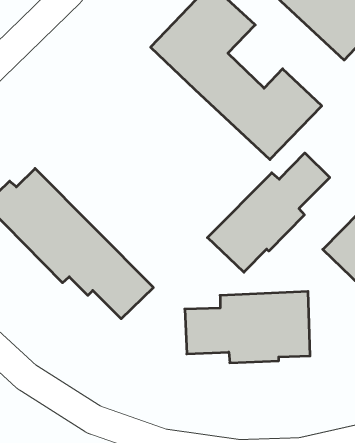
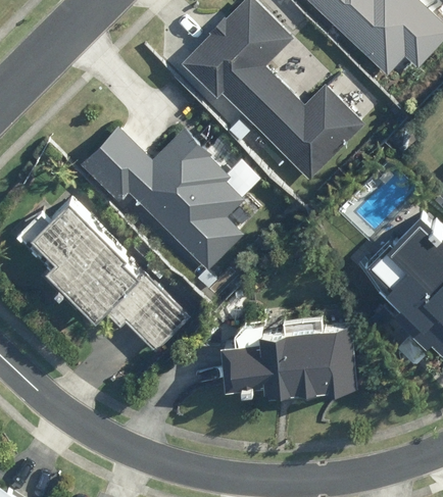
building: none -> [90,129,242,271]
building: [207,153,330,272] -> none

